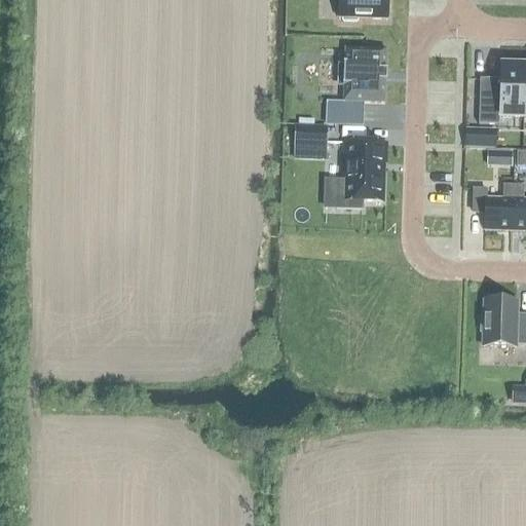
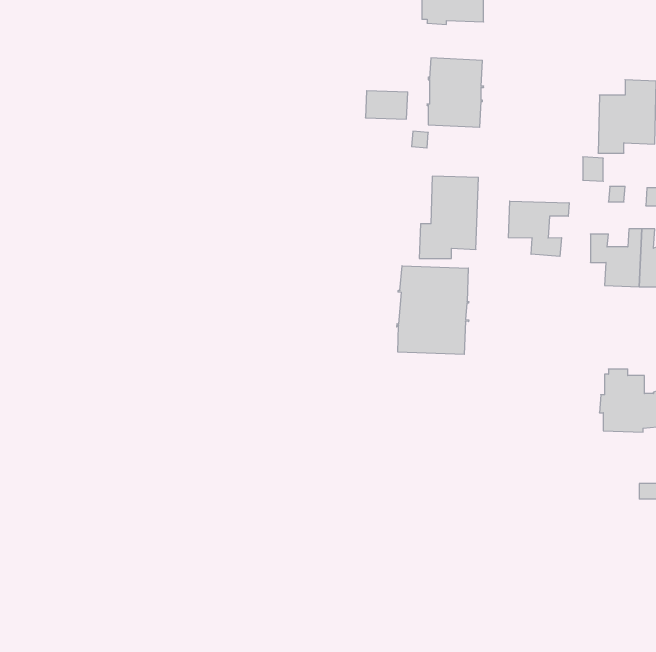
building: [294,123,328,146] -> [365,91,408,119]
building: none -> [508,201,569,256]
building: none -> [397,266,469,354]

